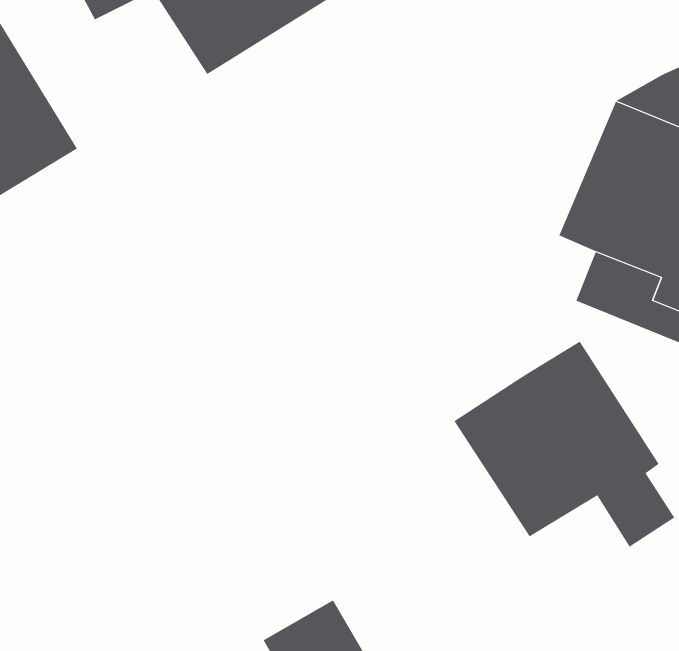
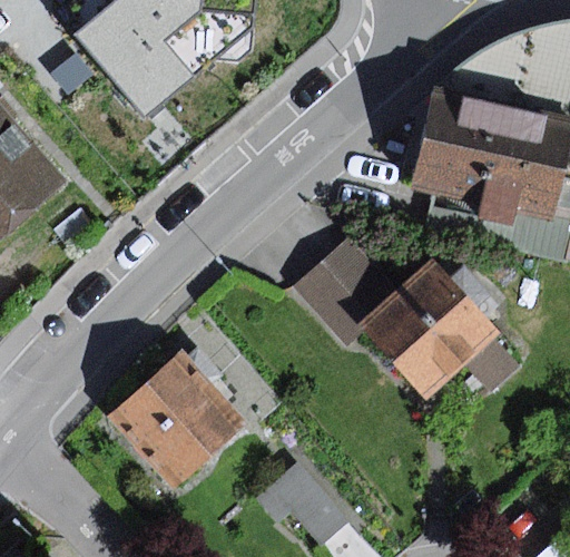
building: none -> [291,232,399,339]
building: none -> [111,348,246,487]

